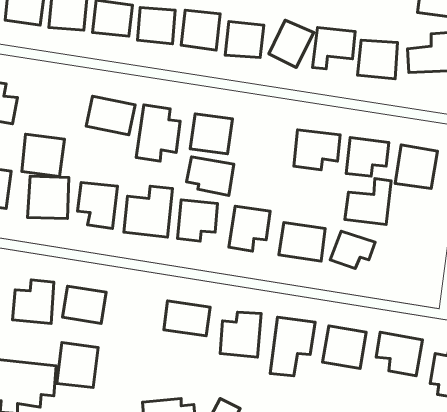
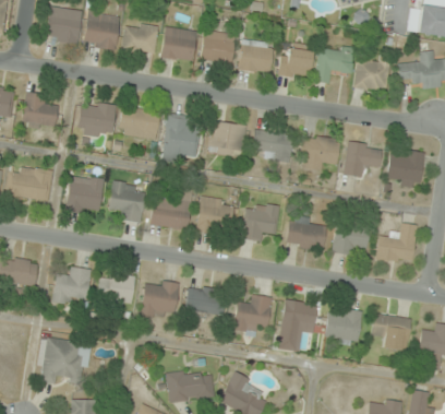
building: [22,134,64,177] -> [79,100,116,138]
building: [186,157,234,196] -> [252,129,293,163]
building: [345,178,391,225] -> [376,223,417,263]
building: [57,342,98,387] -> [142,279,178,318]

